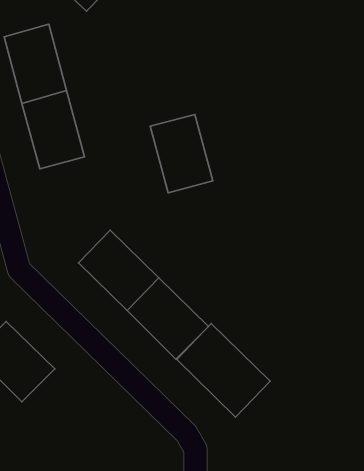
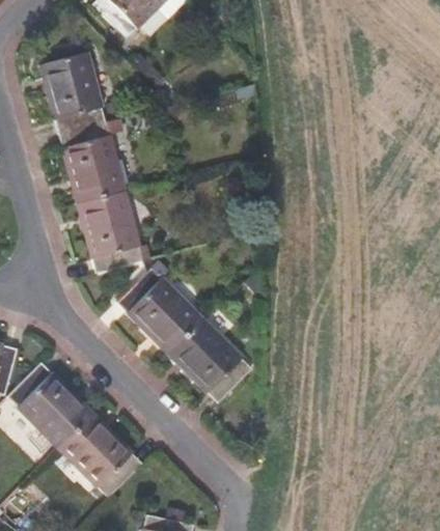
building: [150,114,213,193] -> [78,190,143,272]
building: [177,323,270,417] -> none
building: none -> [59,412,144,497]

